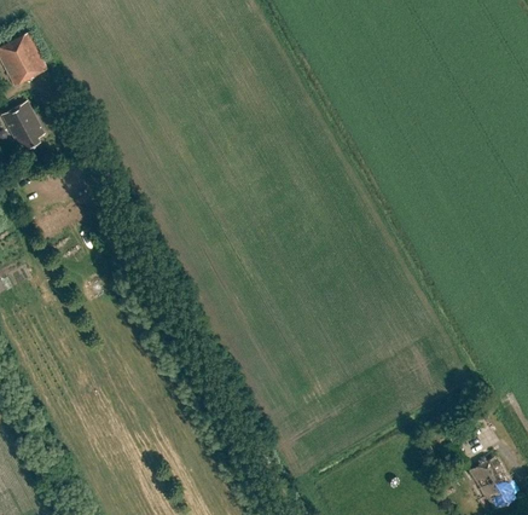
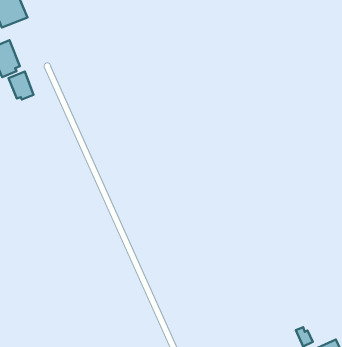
building: none -> [8,71,33,100]

